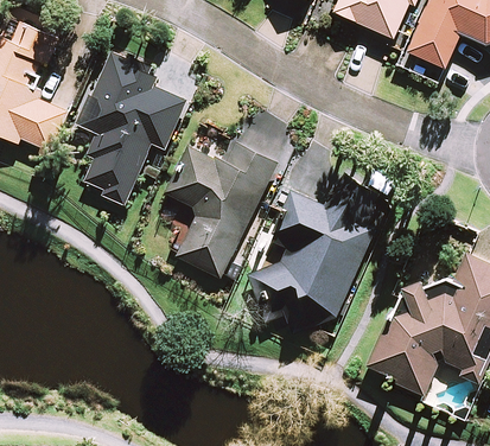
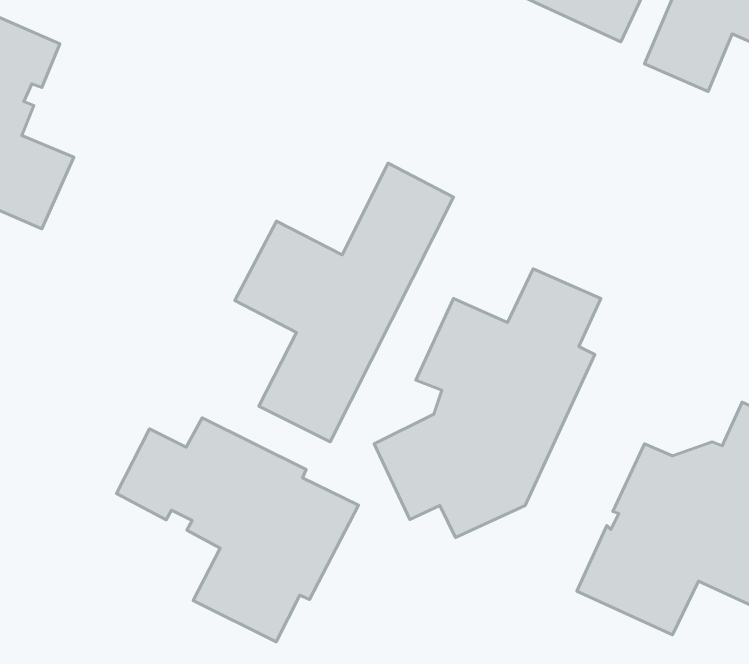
building: [79,51,186,204] -> none
building: none -> [117,418,358,642]

